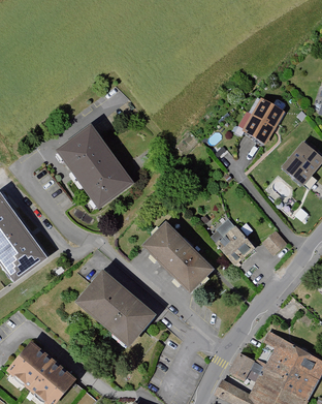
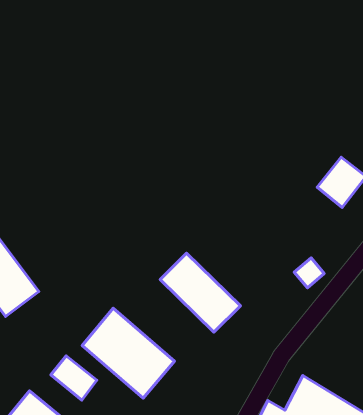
building: [243,98,285,144] -> none
building: [59,129,135,211] -> none
building: [208,218,256,266] -> none
building: none -> [51,356,97,400]

